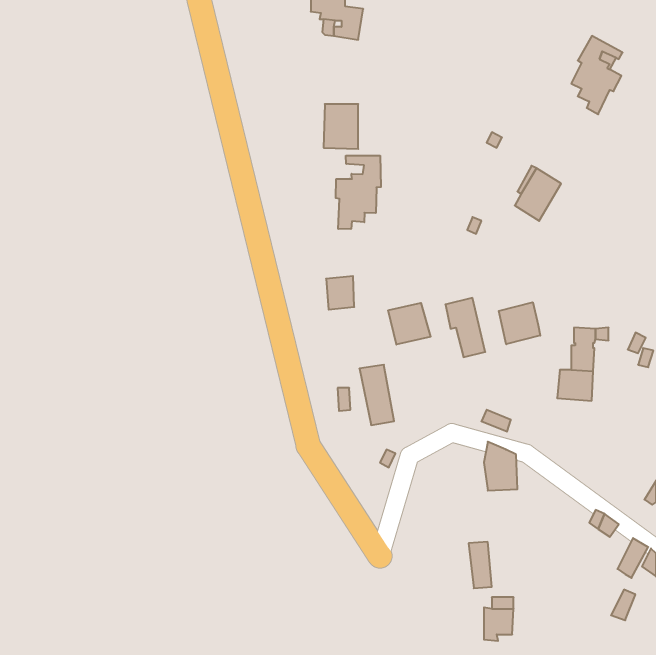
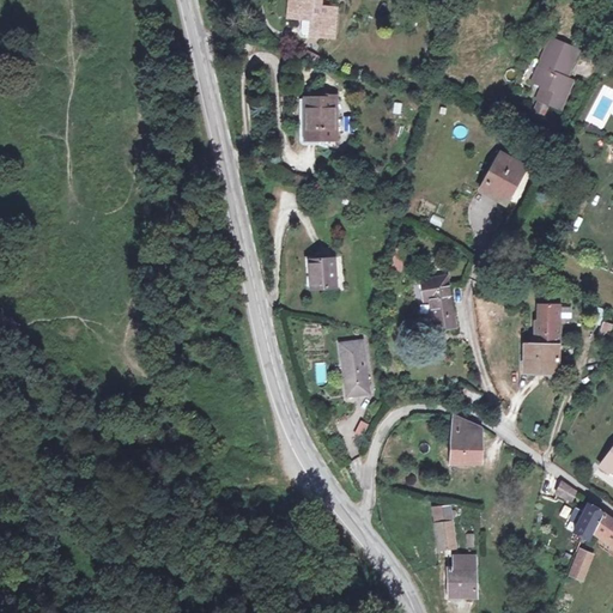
building: [336,156,381,229] -> none
building: [499,302,540,344] -> none
building: [388,303,431,345] -> none

